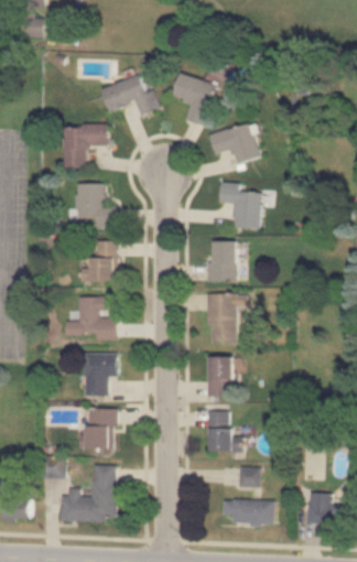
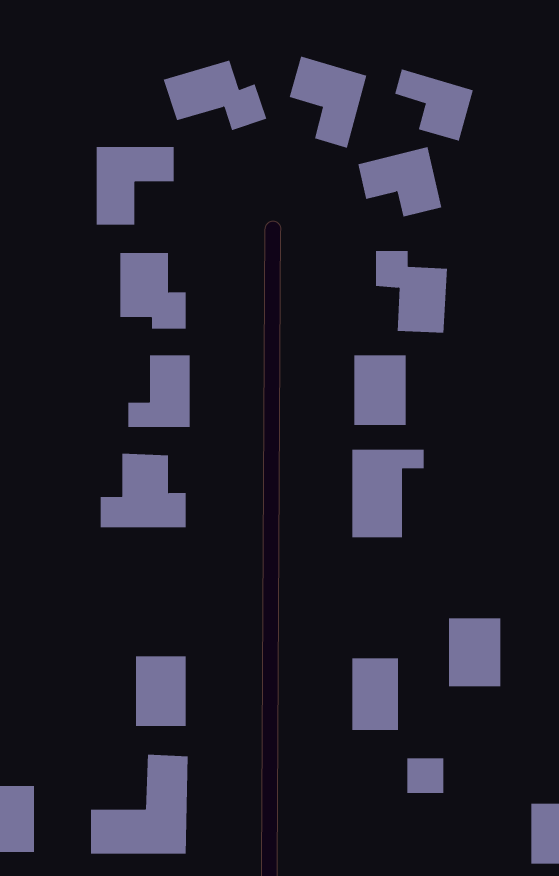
building: none -> [394,69,473,141]
building: [83,353,117,397] -> none
building: [207,357,237,396] -> [448,618,501,687]
building: [223,500,274,525] -> none

